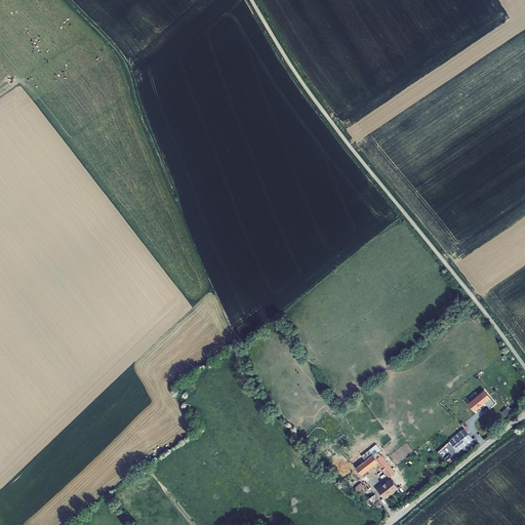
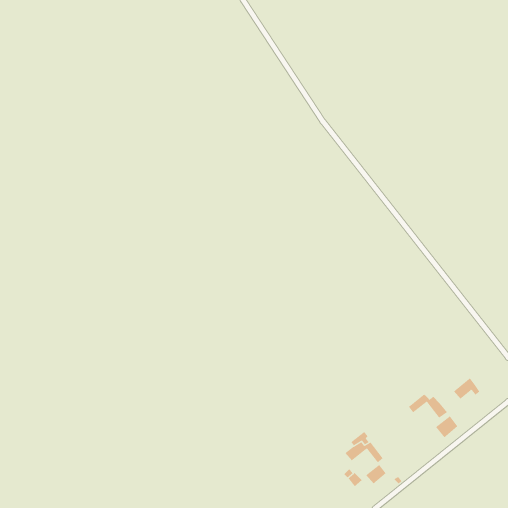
building: none -> [408,393,448,418]

